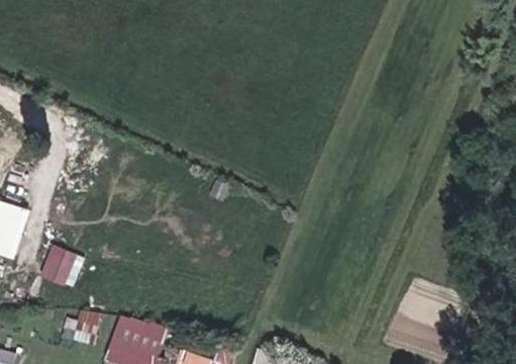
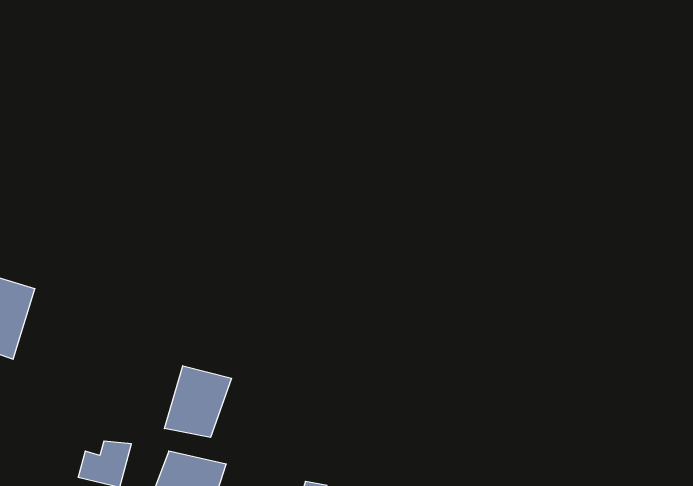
building: [37,239,76,281] -> none
building: none -> [164,366,231,437]

